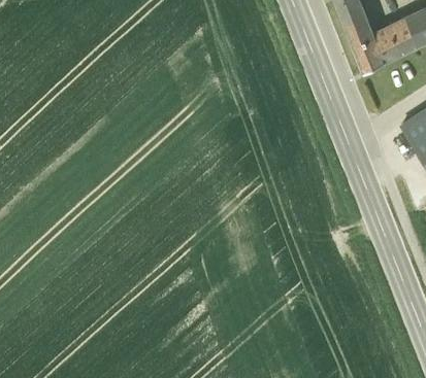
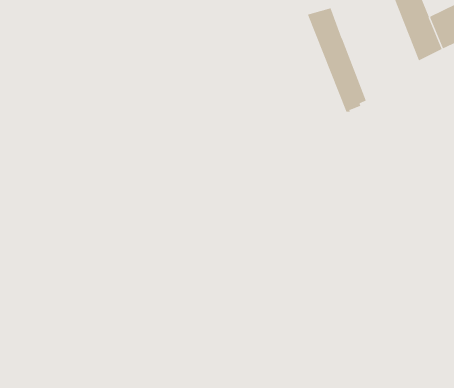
building: none -> [307,7,367,113]

